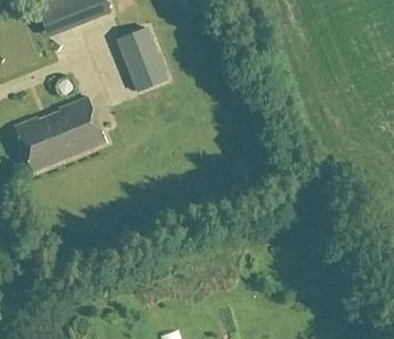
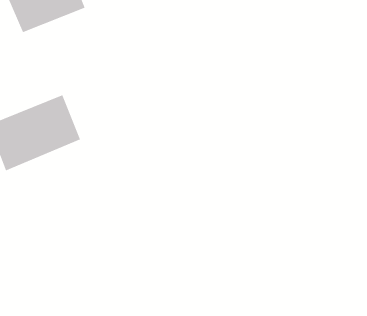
building: [115,27,169,92] -> none

